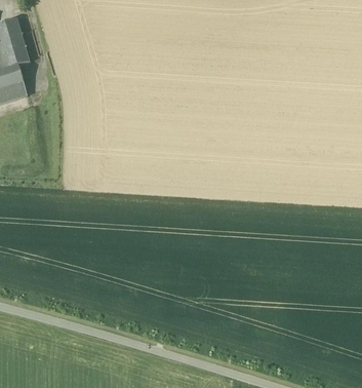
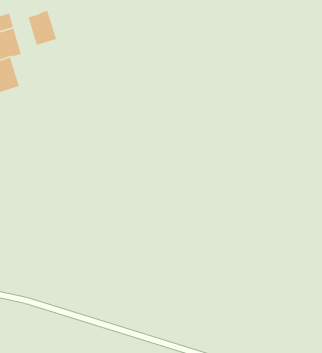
building: none -> [28,10,57,46]

